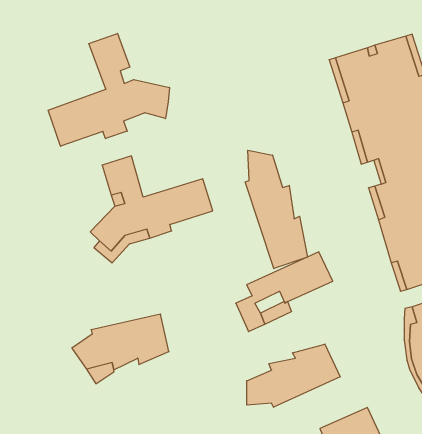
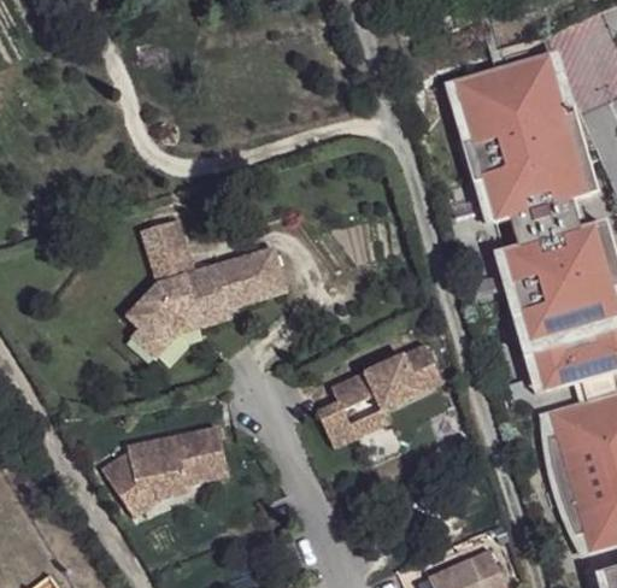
building: [48,33,169,146] -> none
building: [245,150,307,269] -> none
building: [247,344,340,407] -> none

